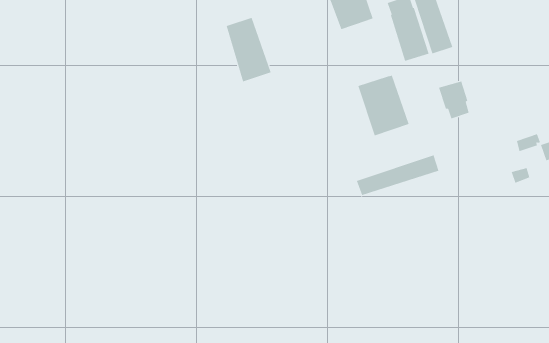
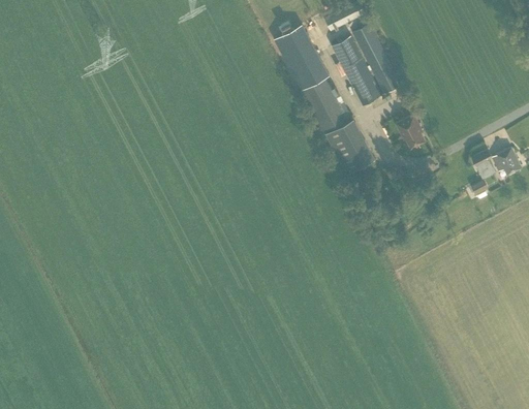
building: [226,17,271,82] -> [301,74,347,132]
building: [356,154,439,196] -> none

